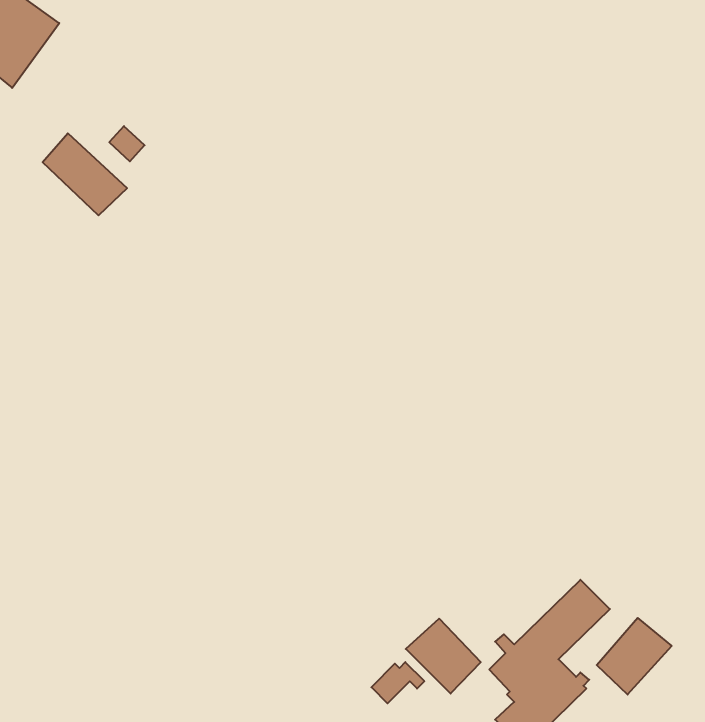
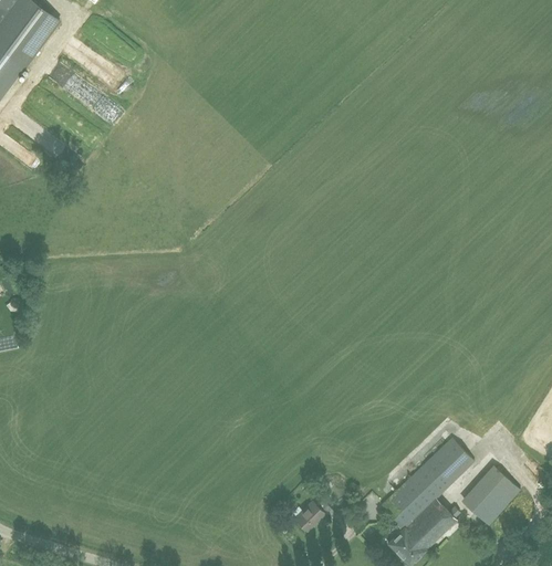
building: [43,133,127,215] -> none
building: [406,619,481,694] -> none

